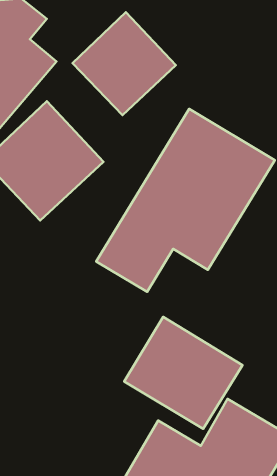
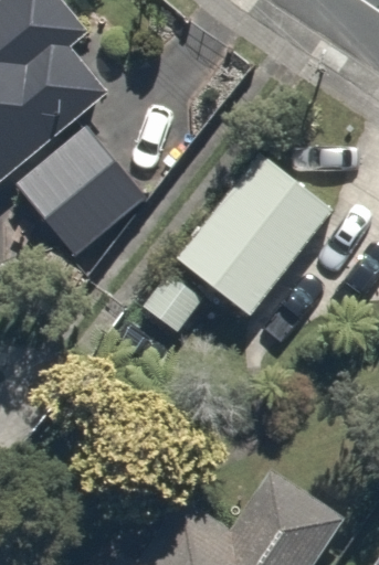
building: [72,12,176,115] -> none
building: [124,317,242,429] -> none

